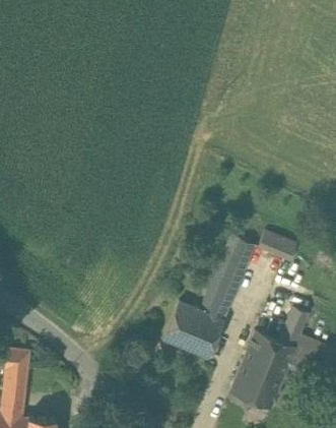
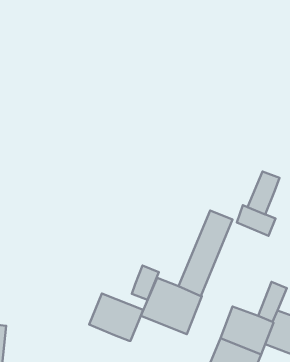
building: none -> [248,171,279,214]
building: none -> [132,266,159,300]
building: none -> [89,294,143,341]

